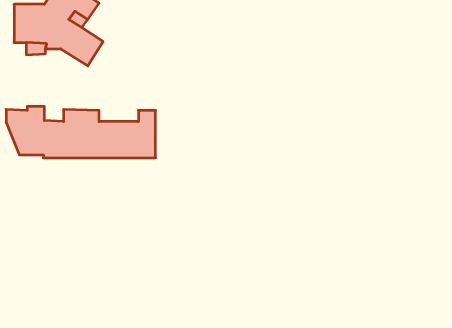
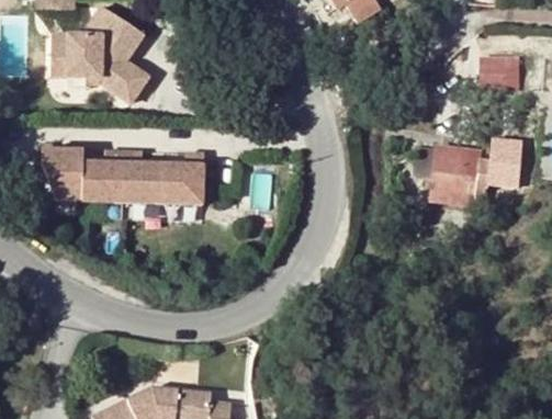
building: none -> [482,58,518,88]
building: none -> [432,132,523,201]

